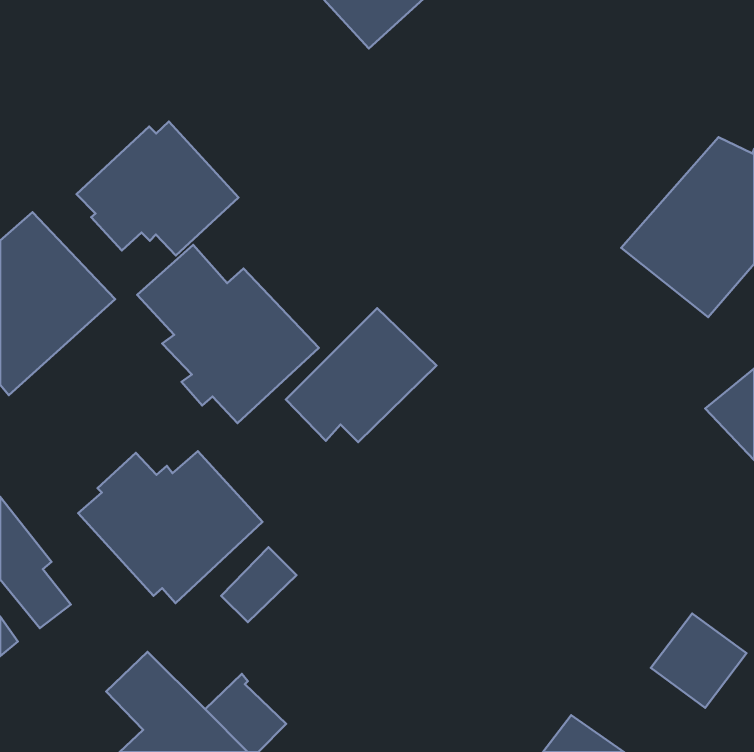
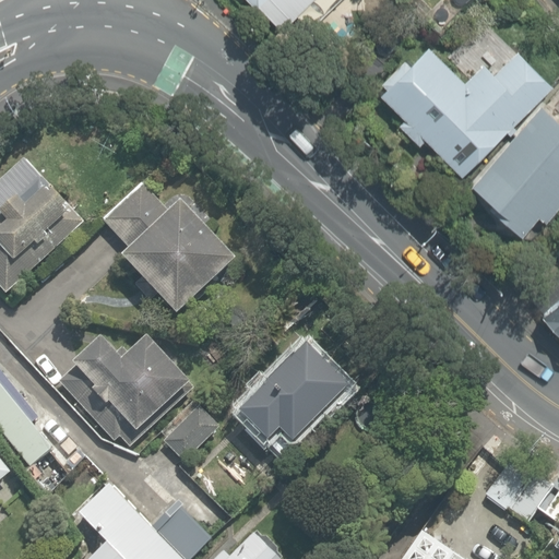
building: none -> [371,41,543,173]
building: [76,121,238,255] -> none
building: [286,308,436,442] -> [238,342,349,441]

